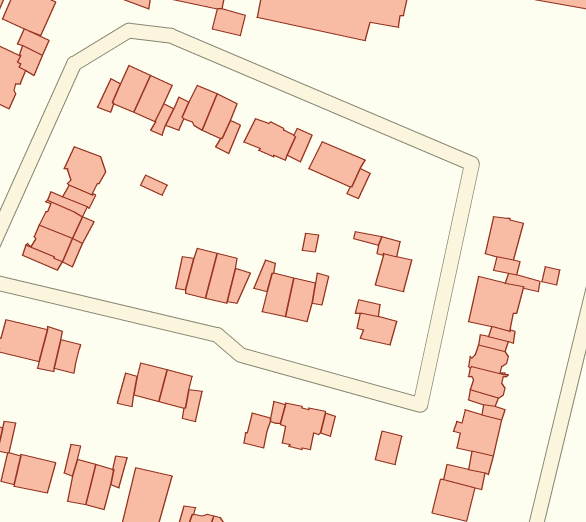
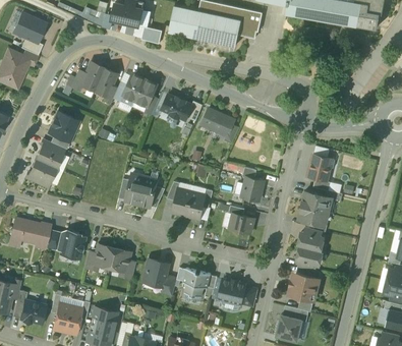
building: none -> [60,231,83,260]
building: none -> [141,258,168,287]
building: none -> [217,279,244,305]

